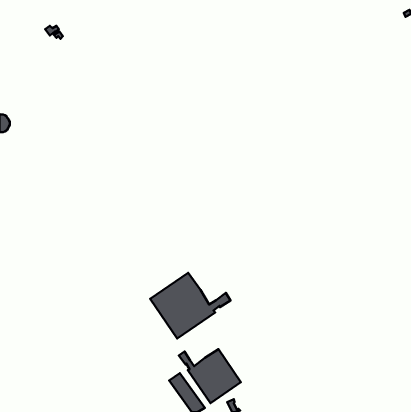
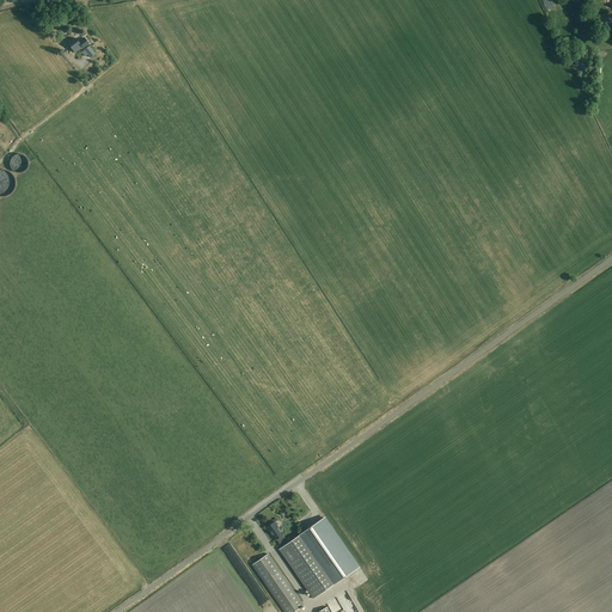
building: [150,273,231,338] -> none

